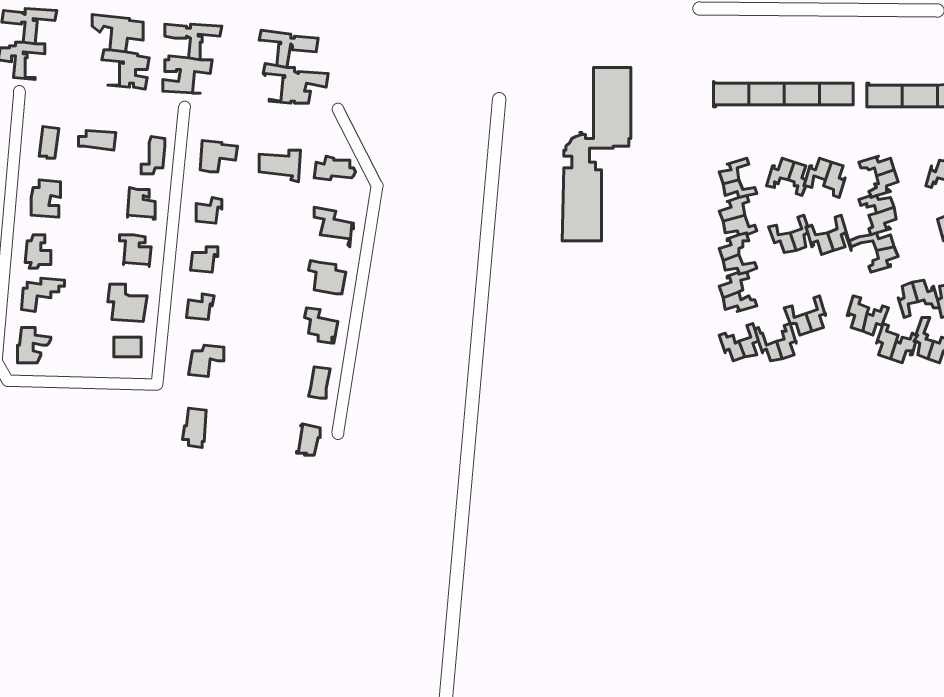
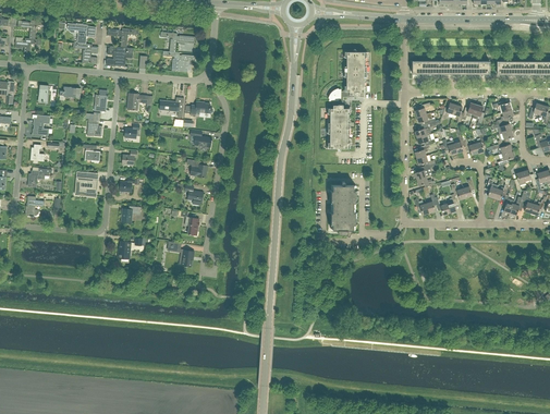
building: none -> [328,182,358,238]

